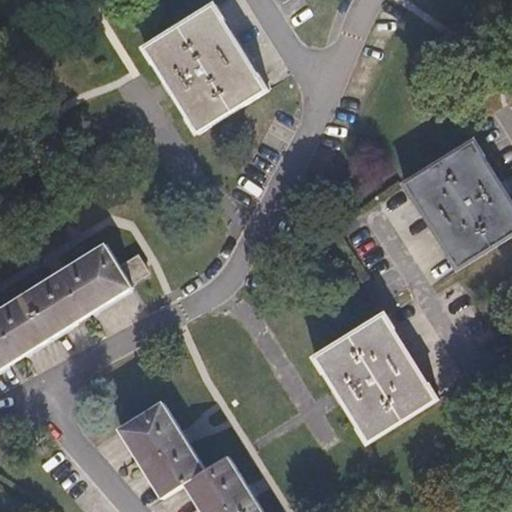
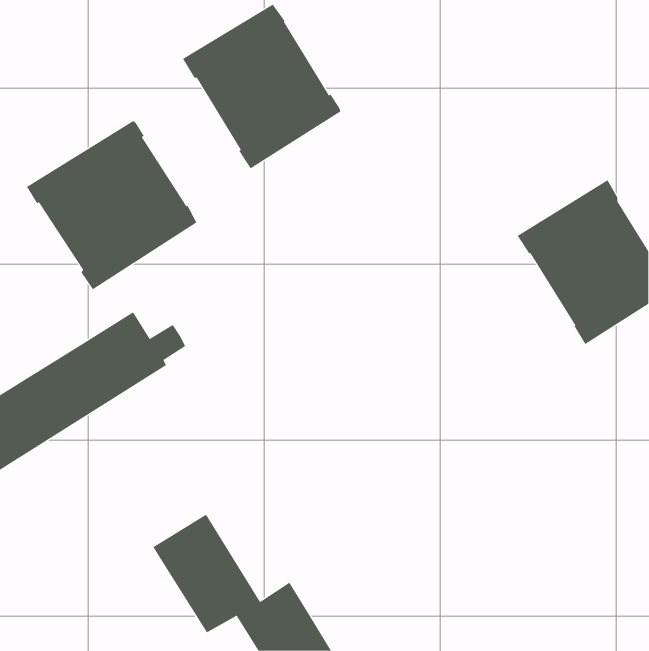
building: none -> [26,120,197,290]
building: [314,314,437,441] -> none

